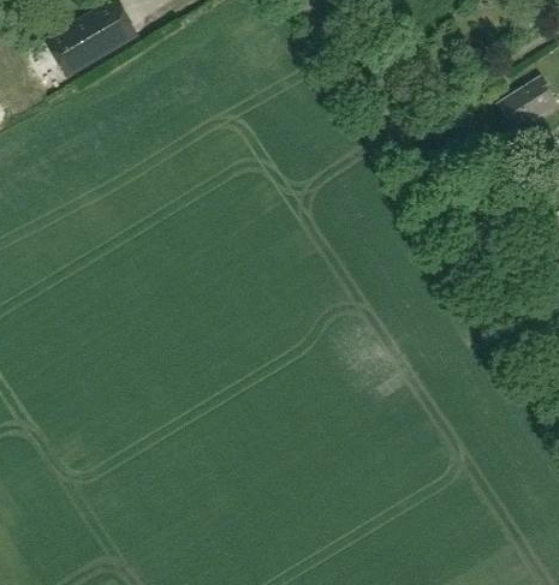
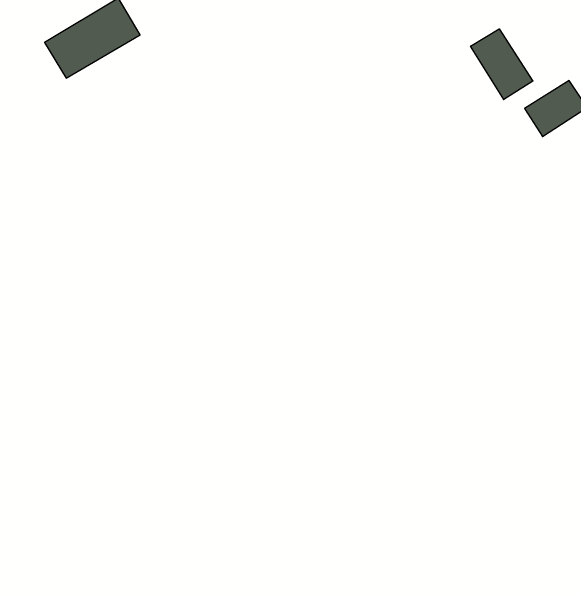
building: none -> [471,29,533,100]

